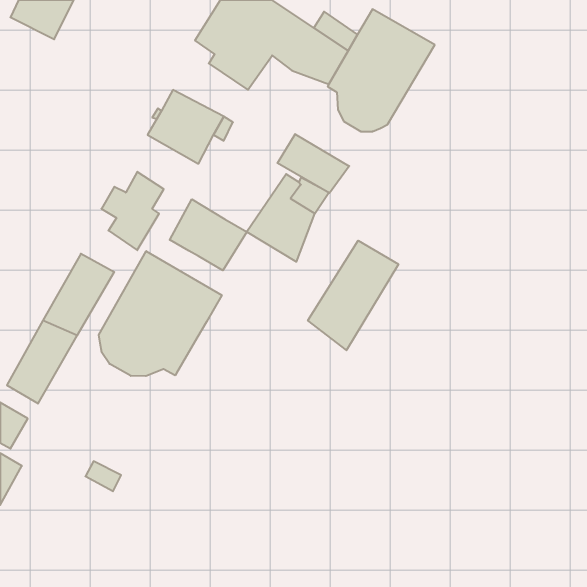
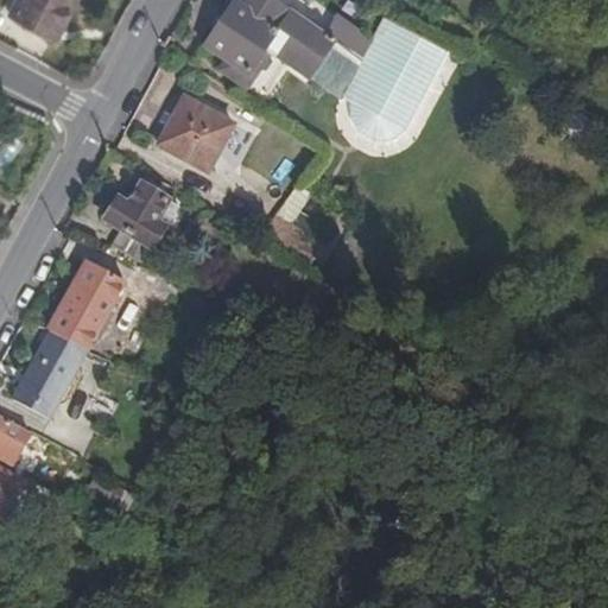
building: [277,134,349,193] -> none
building: [170,199,247,270] -> none
building: [308,241,398,350] -> none
building: [99,251,222,376] -> none

